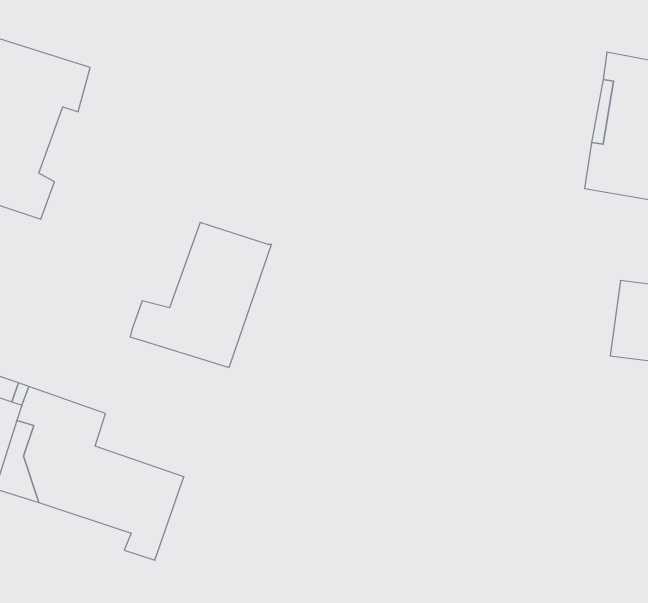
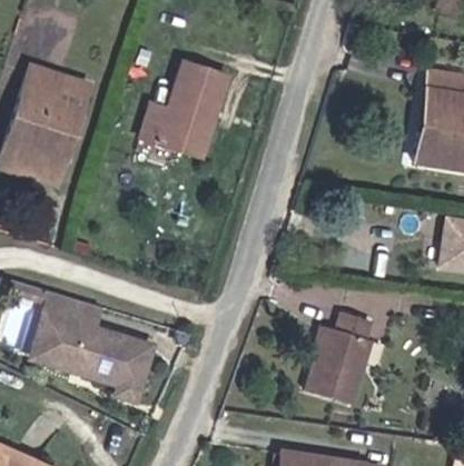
building: [130,222,272,367] -> [138,60,230,155]
building: none -> [308,316,368,409]

